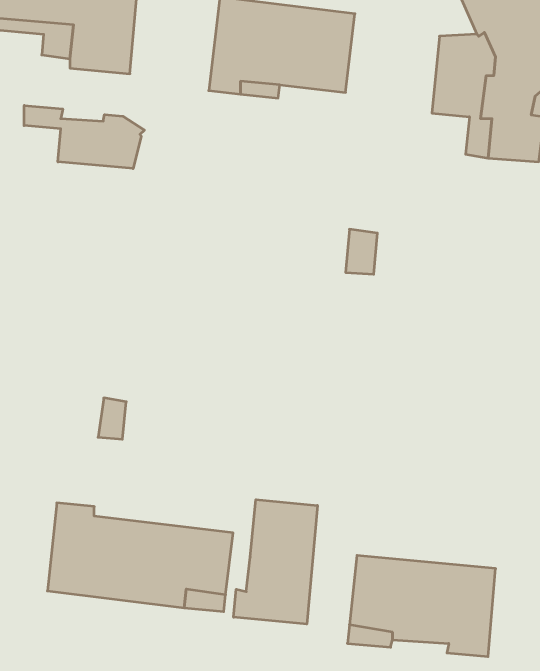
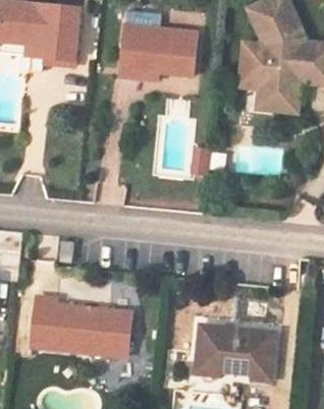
building: [24,105,144,169] -> none
building: [234,500,317,624] -> none

